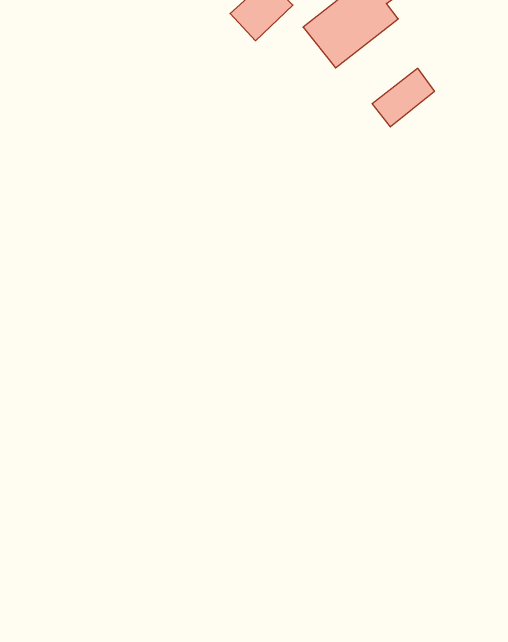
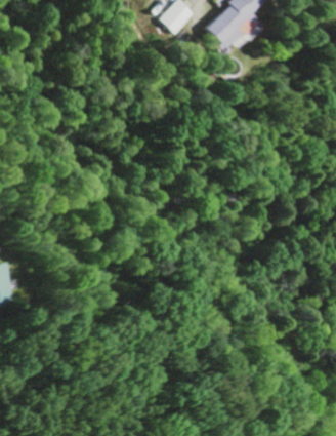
building: [372,68,434,127] -> none

